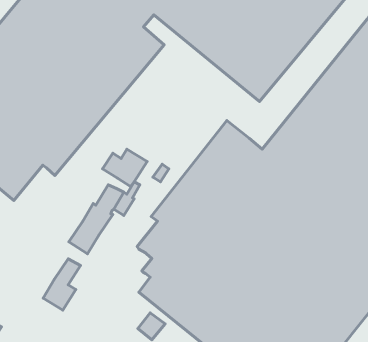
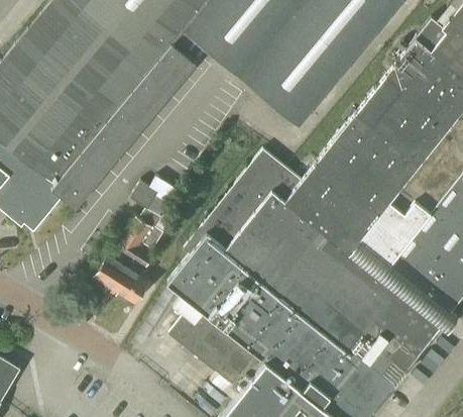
building: [43,259,80,310] -> [113,248,153,304]

